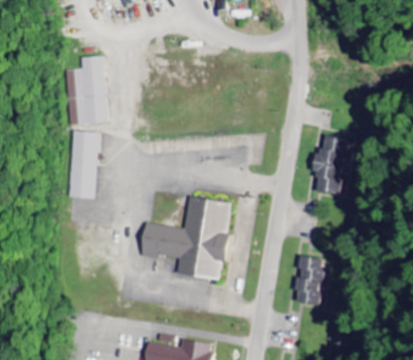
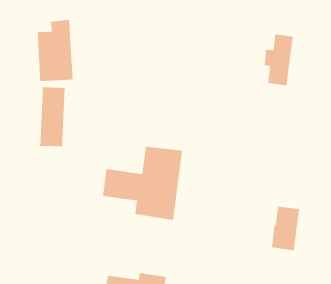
building: [312,135,345,193] -> [264,34,293,86]
building: [295,255,328,306] -> [271,206,300,251]

